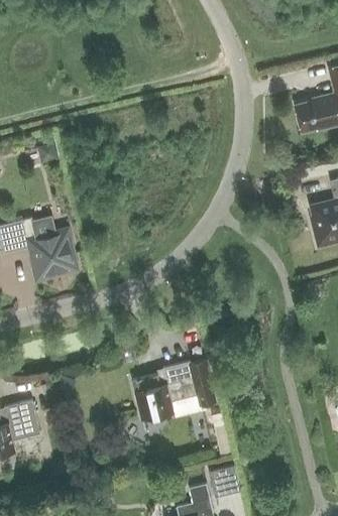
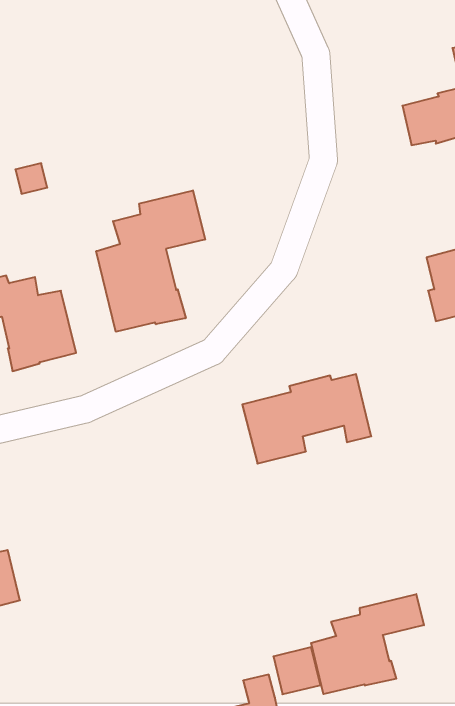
building: none -> [96,190,205,332]
building: [131,360,217,419] -> [242,374,371,464]
building: none -> [311,594,424,694]

